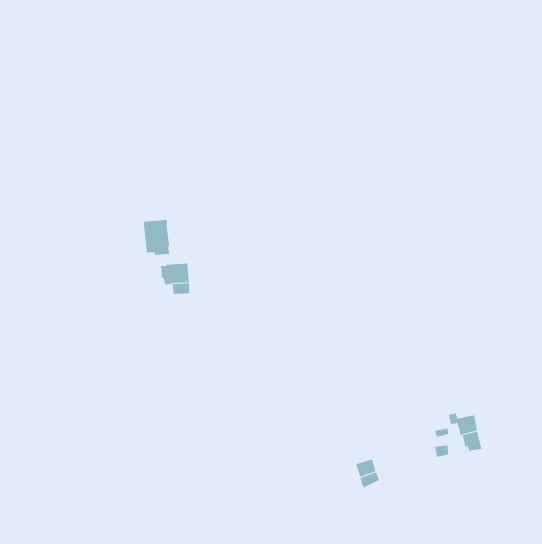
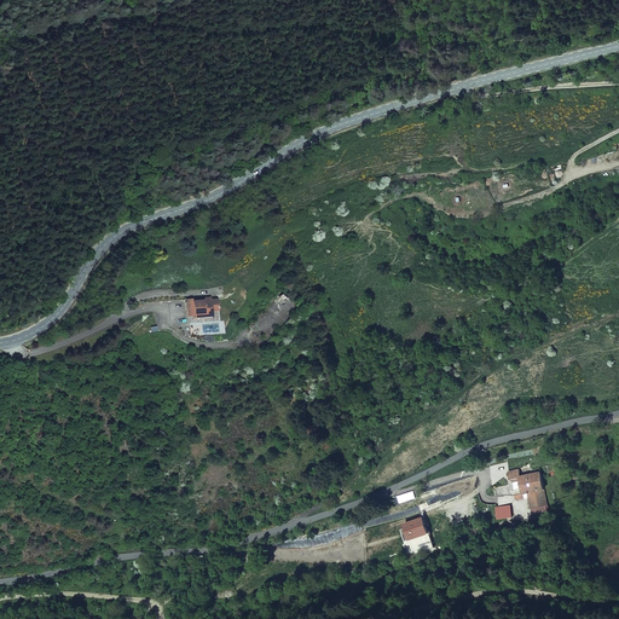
building: [143,219,170,256] -> none

